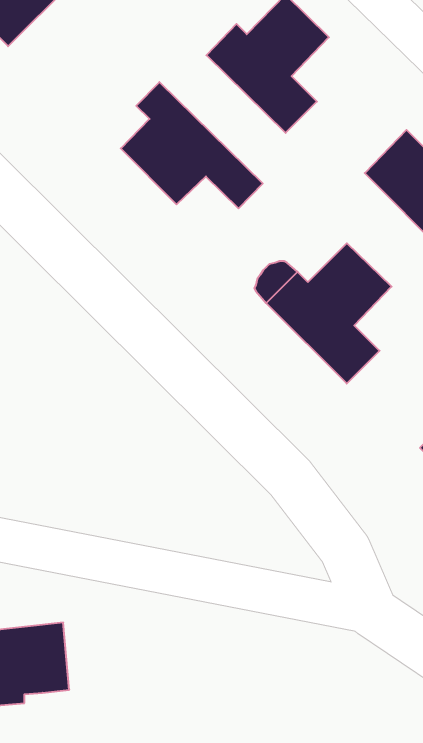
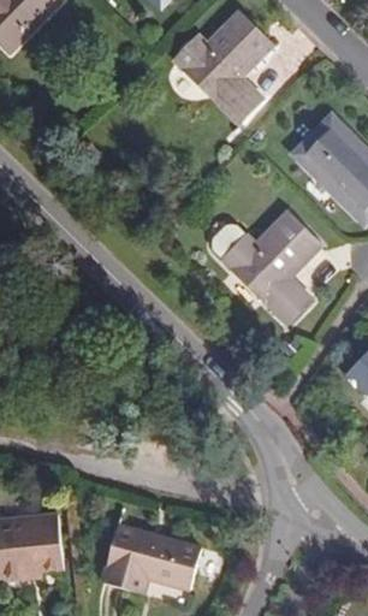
building: [121,82,263,208] -> none
building: none -> [105,529,201,594]

